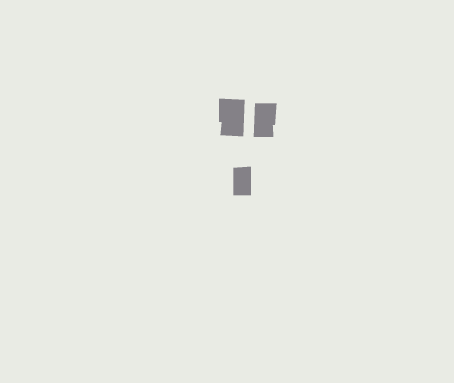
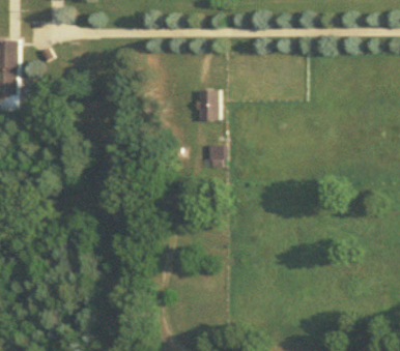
building: [253,102,277,138] -> none

